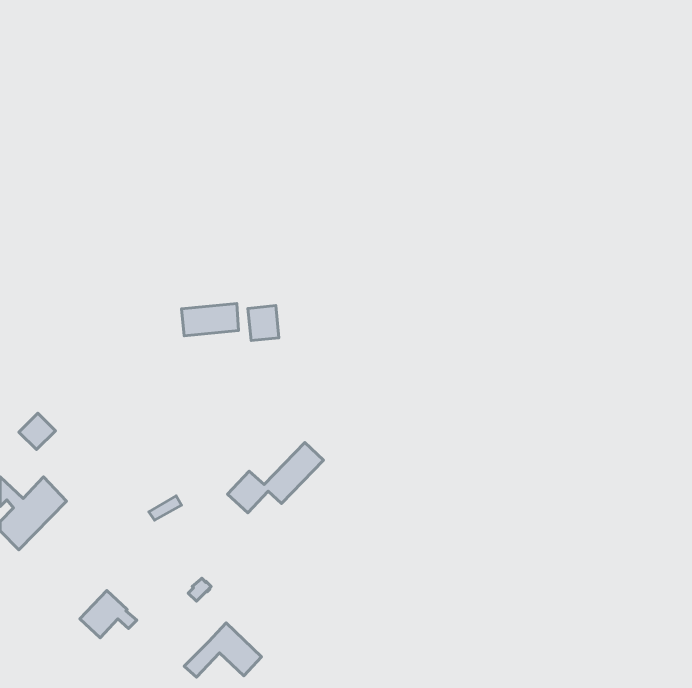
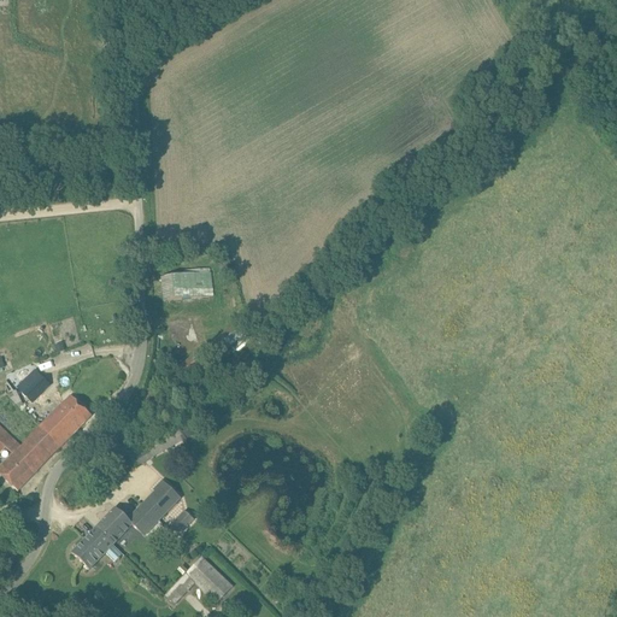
building: [248,306,279,340] -> none
building: none -> [39,393,92,446]
building: [227,443,324,513] -> [95,480,181,542]

